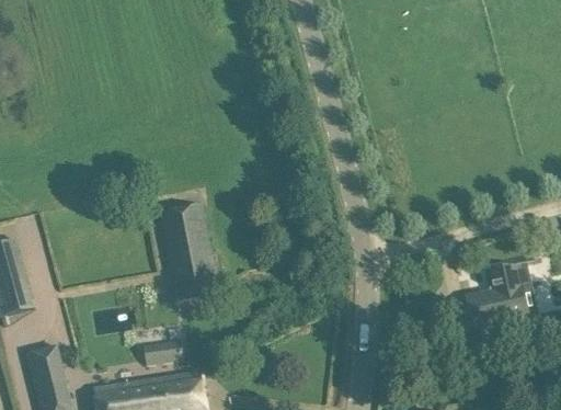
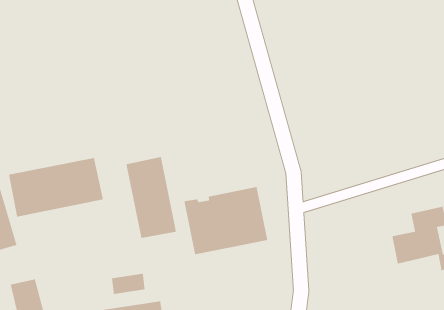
building: none -> [8,157,104,217]
building: none -> [184,186,268,255]

